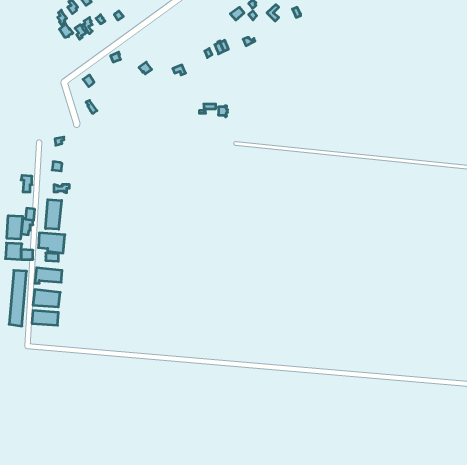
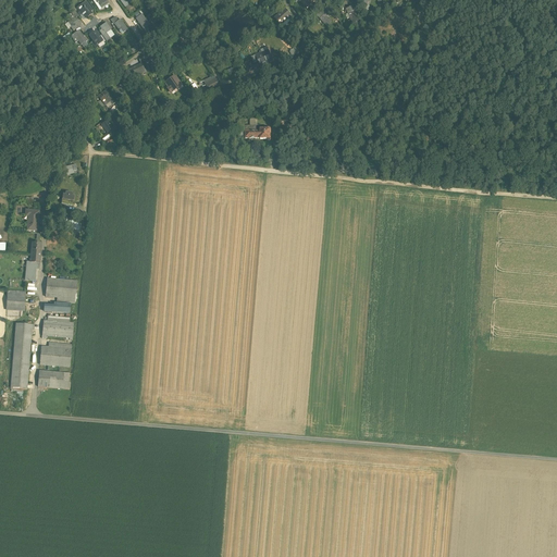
building: [46,200,62,229] -> none
building: [7,216,23,239] -> none

